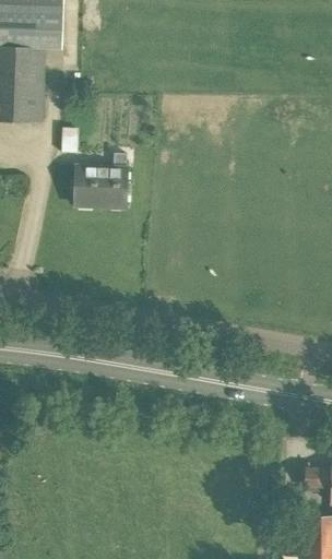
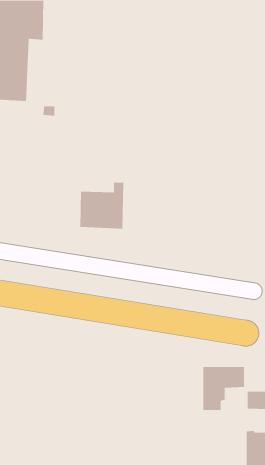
building: [74,153,128,210] -> [79,182,124,229]
building: none -> [202,366,245,411]

